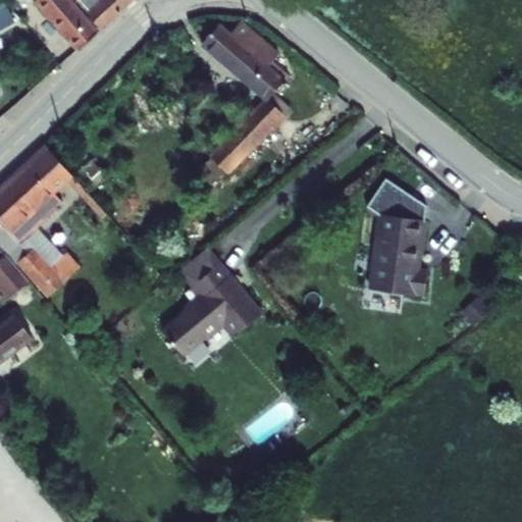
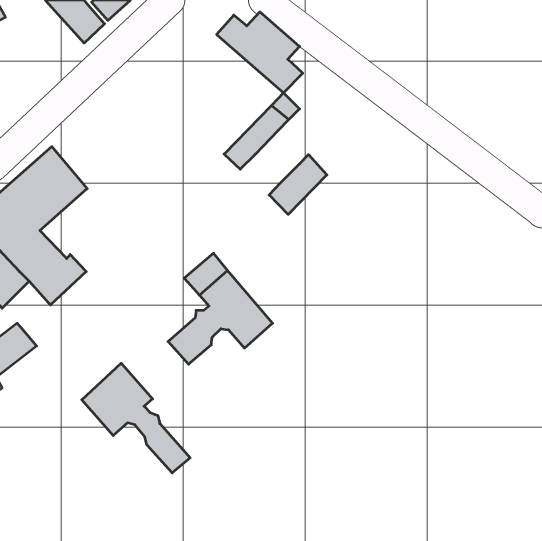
building: none -> [269,155,327,214]
building: [360,190,422,307] -> none
building: none -> [82,363,190,473]

